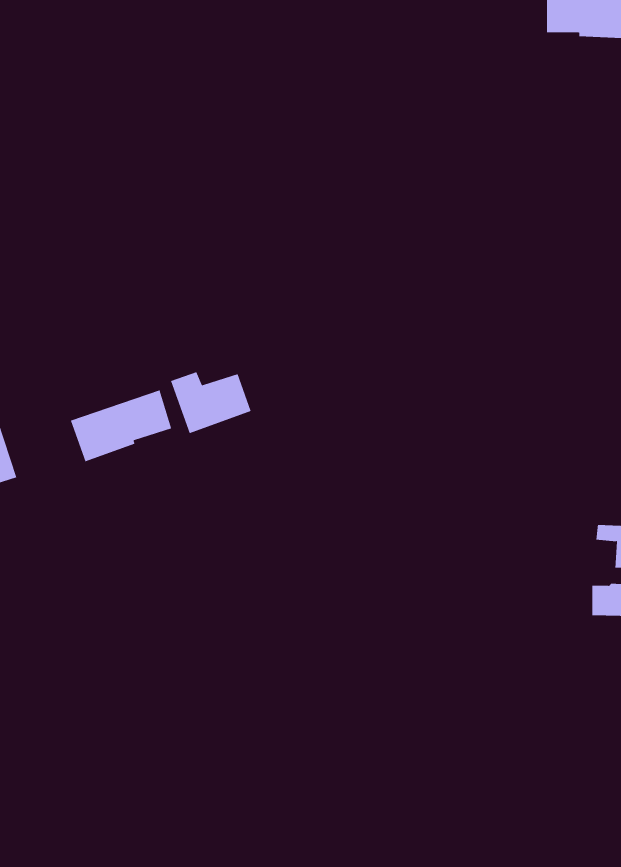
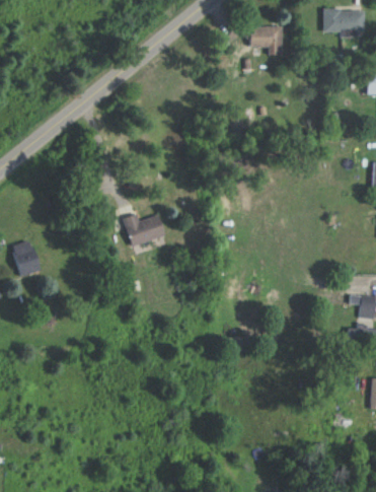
building: none -> [249,25,283,55]
building: [70,389,172,462] -> none

